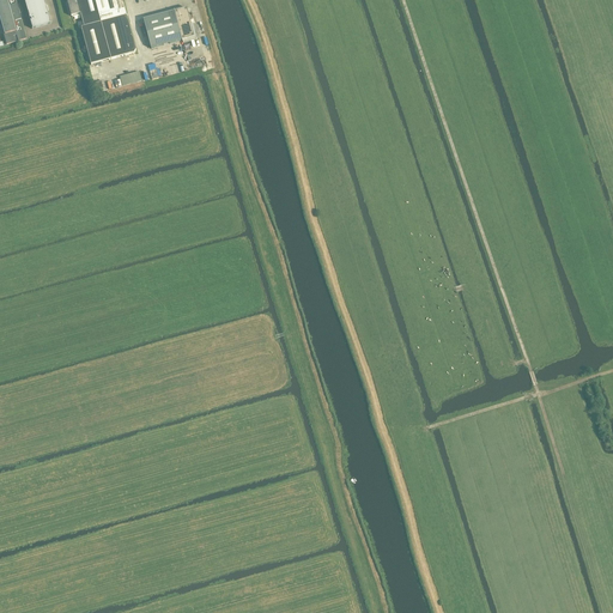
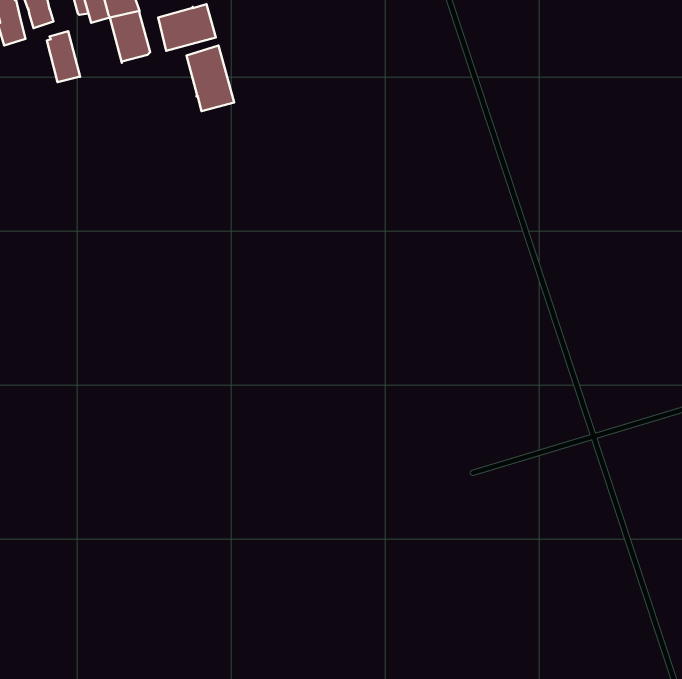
building: [79,16,109,61] -> [47,31,80,82]
building: none -> [187,46,234,111]

